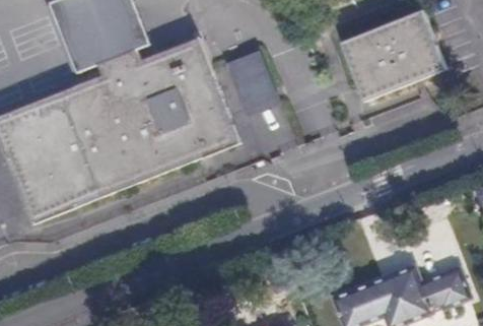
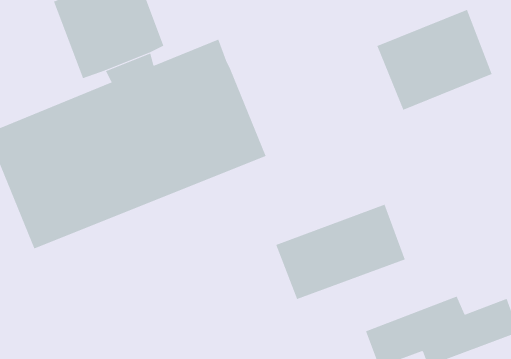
building: [225,50,279,116] -> none
building: none -> [275,204,405,300]

